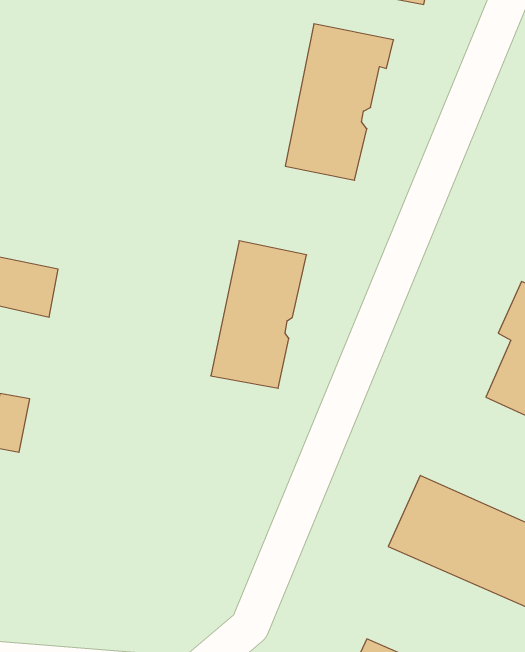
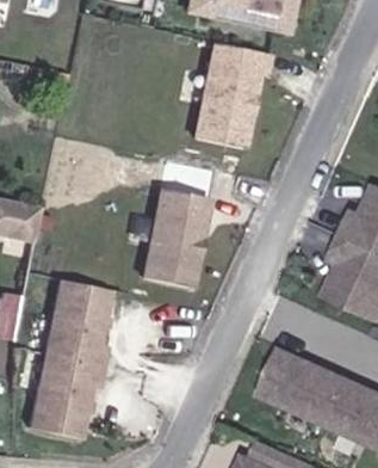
building: none -> [31,281,112,438]

